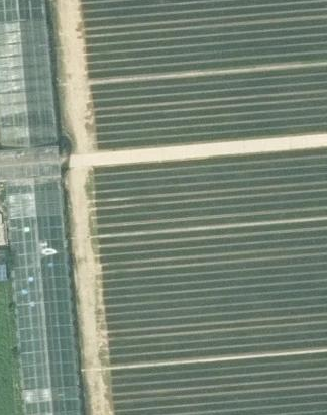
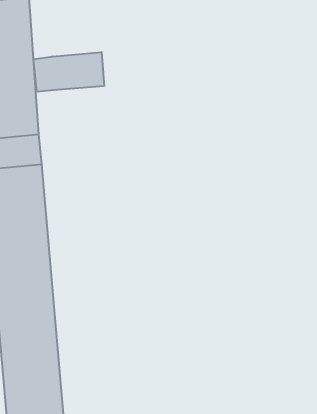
building: none -> [34,52,104,92]

